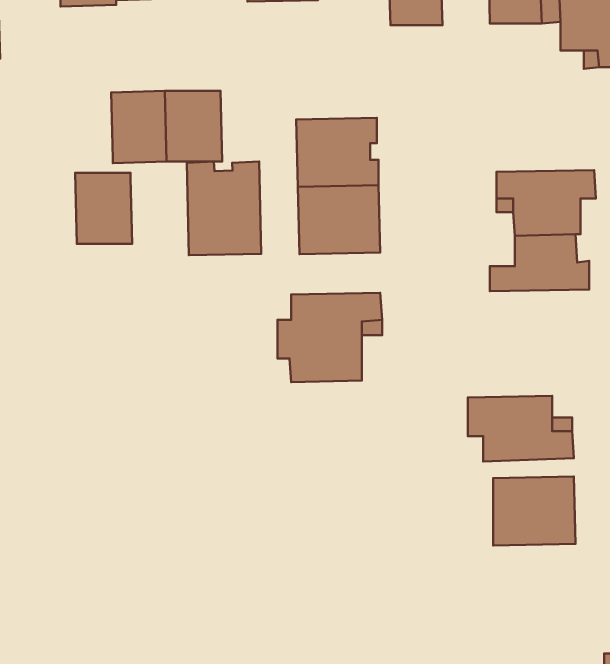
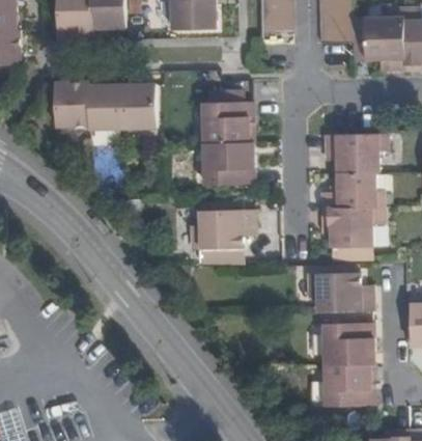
building: [187,162,261,255] -> none
building: [75,173,132,244] -> [54,82,89,126]
building: none -> [321,206,384,247]
building: none -> [323,363,374,406]

